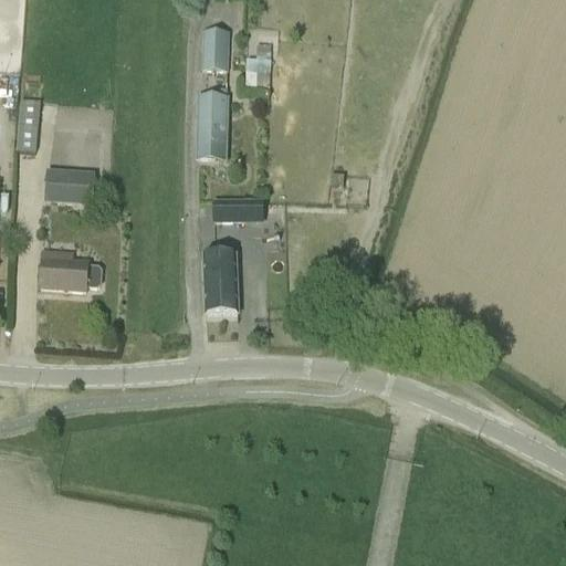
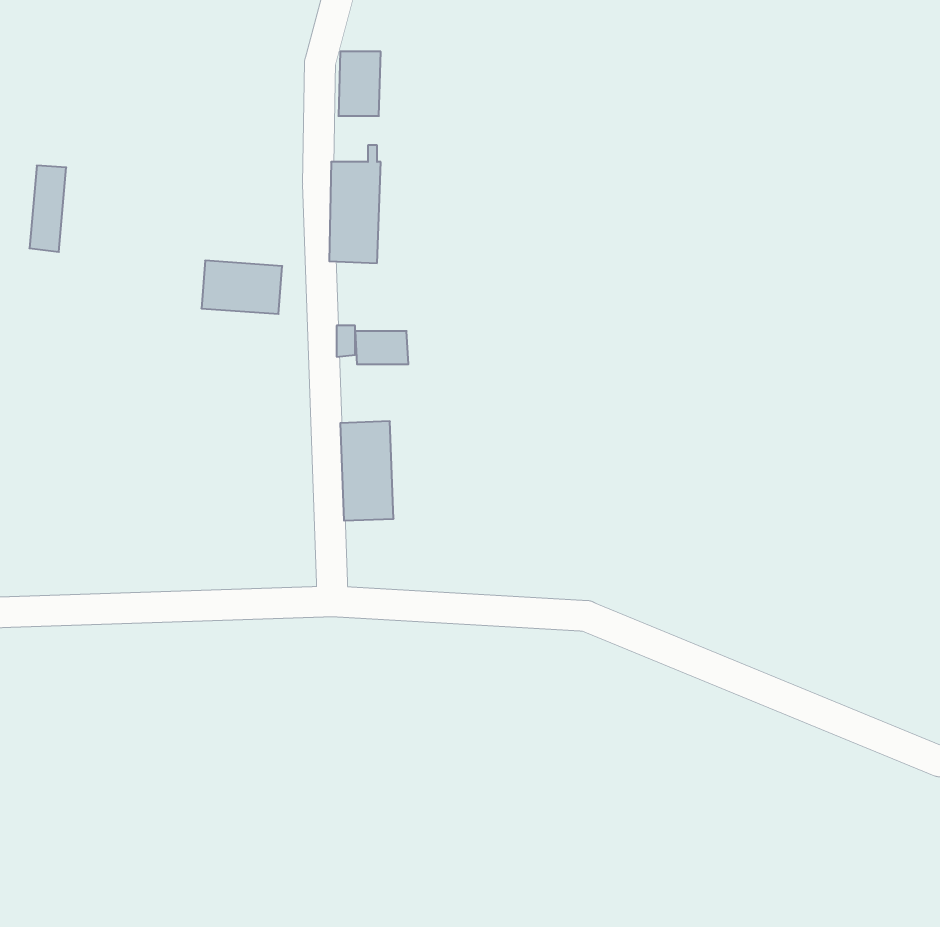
building: [247,59,270,90] -> none
building: [45,169,94,201] -> [201,261,282,314]
building: [40,249,102,289] -> none

